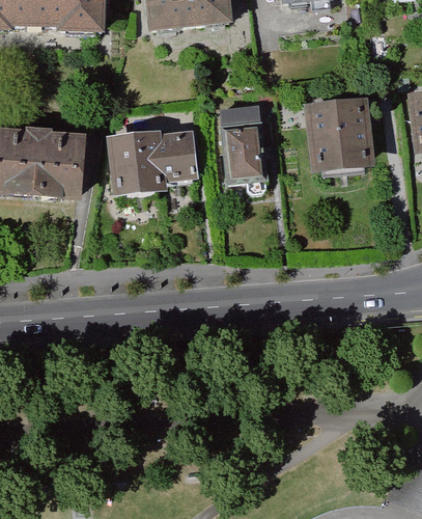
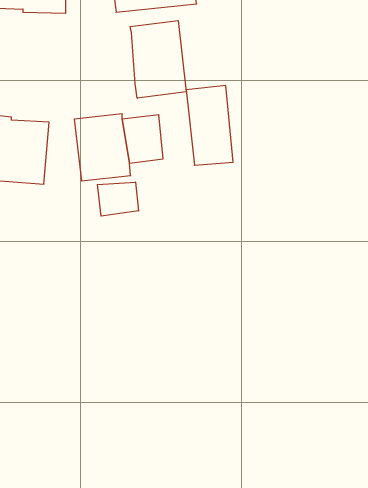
building: none -> [130,21,186,98]
building: [309,97,370,172] -> none
building: none -> [97,182,139,216]

